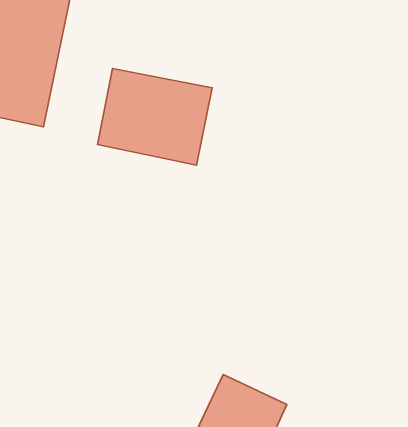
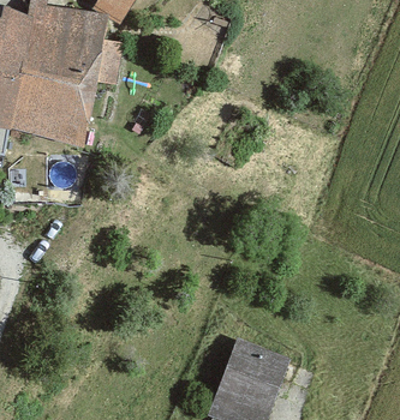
building: [97,68,212,165] -> none

